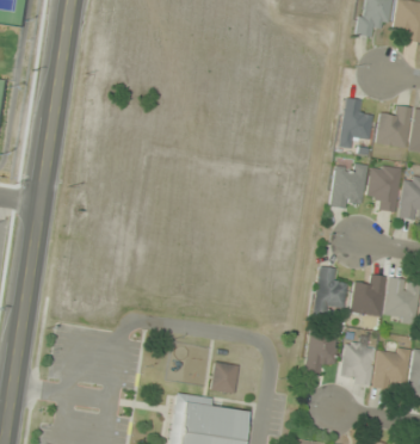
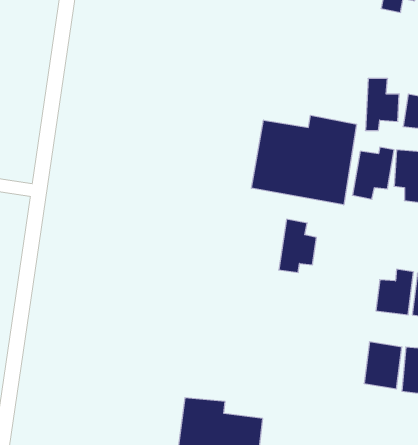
building: none -> [251,115,357,205]
building: [313,266,347,315] -> [279,219,316,272]
building: [305,331,338,372] -> none
building: [211,362,237,393] -> none

